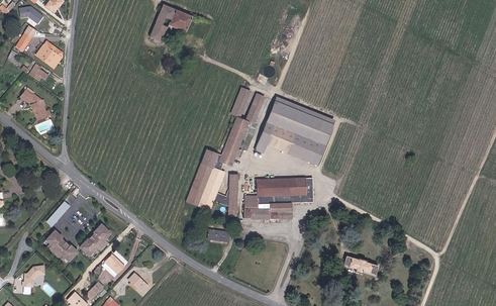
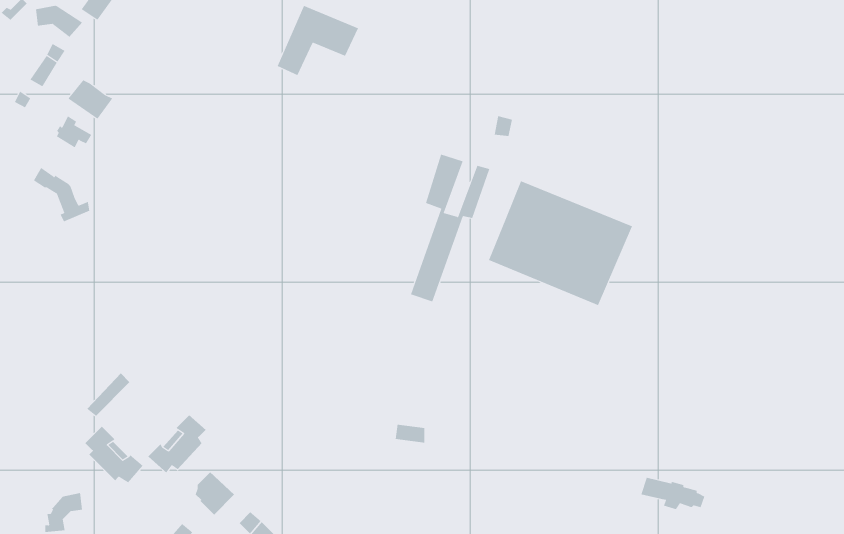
building: [187,158,230,208] -> none
building: [245,177,315,217] -> none

